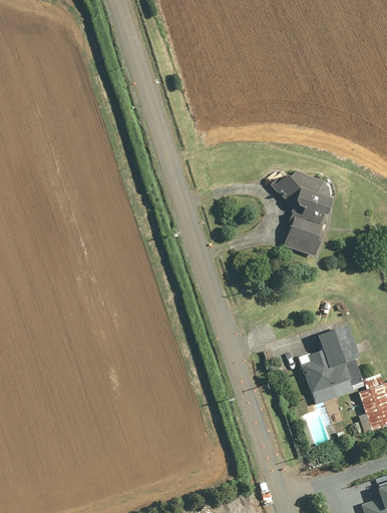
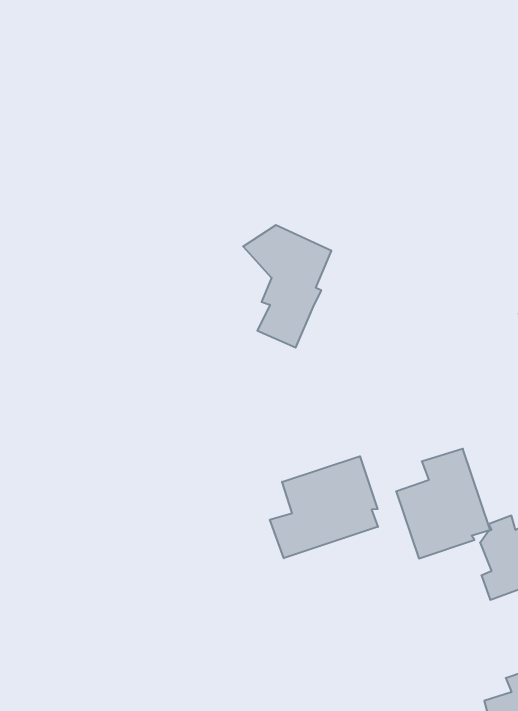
building: [273,169,335,255] -> [243,225,331,348]
building: none -> [270,456,378,558]

